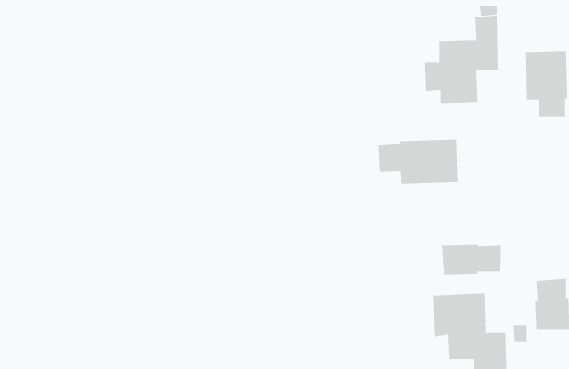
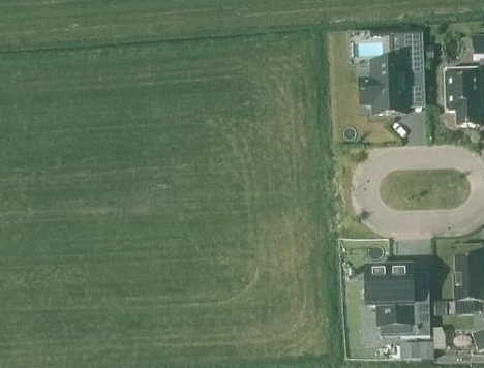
building: [378,139,458,184] -> none
building: [442,244,501,275] -> none

